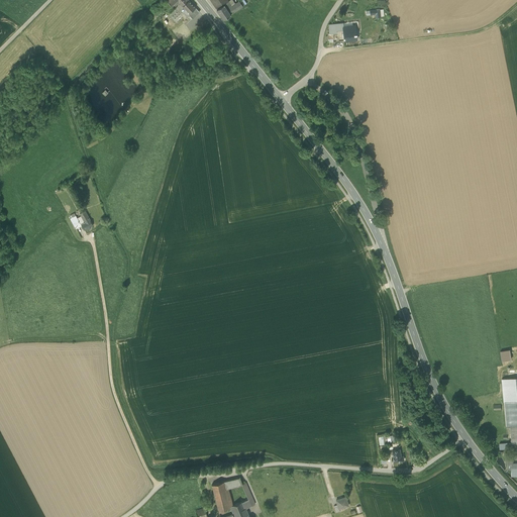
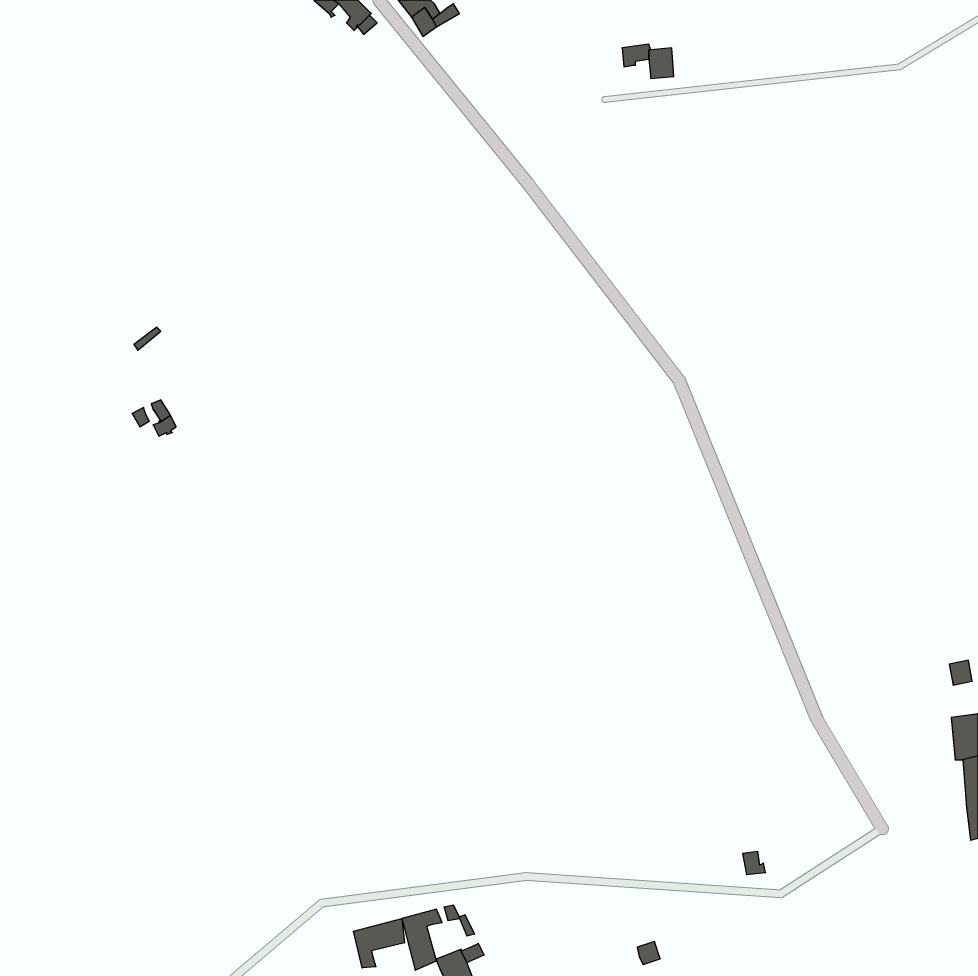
building: none -> [353,919,404,968]

